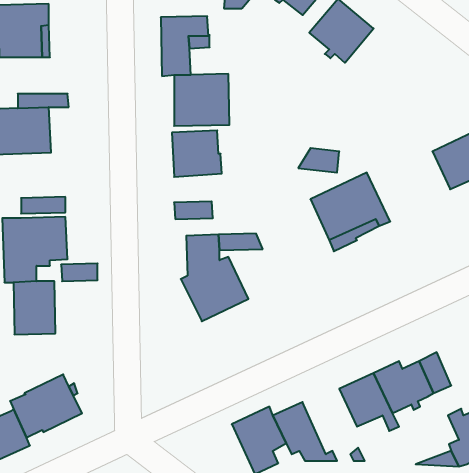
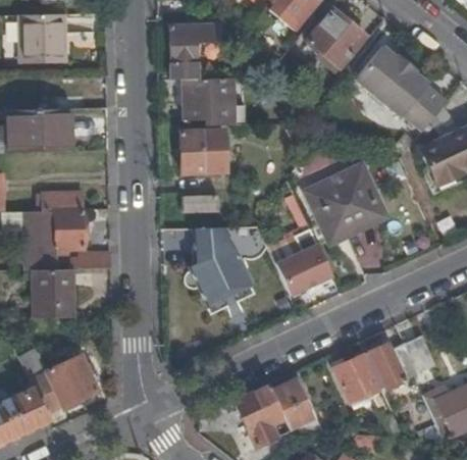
building: none -> [355,46,447,132]
building: none -> [276,245,333,296]

